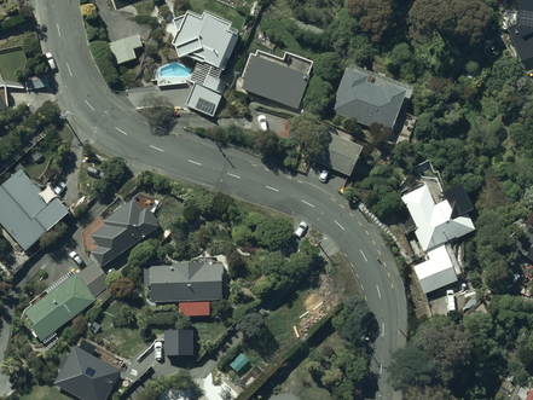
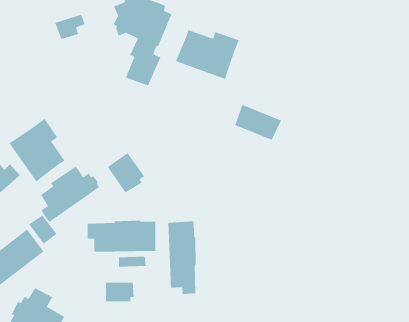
building: [330,64,405,132] -> none
building: none -> [9,118,65,182]
building: [395,185,474,292] -> none
building: none -> [107,152,145,193]
building: none -> [168,220,197,295]

